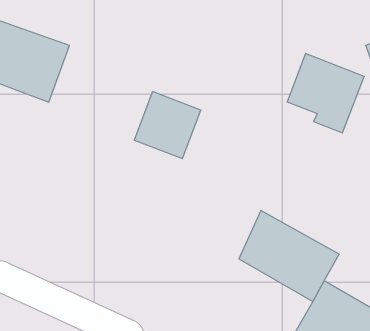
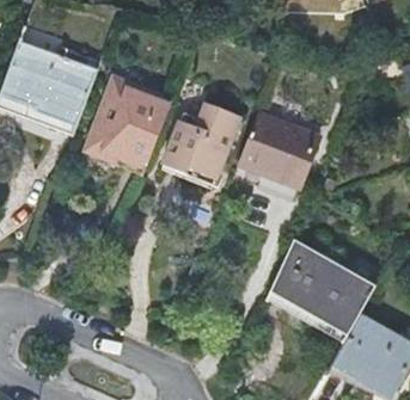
building: [287,53,364,133] -> [238,113,318,196]
building: none -> [90,78,172,173]

